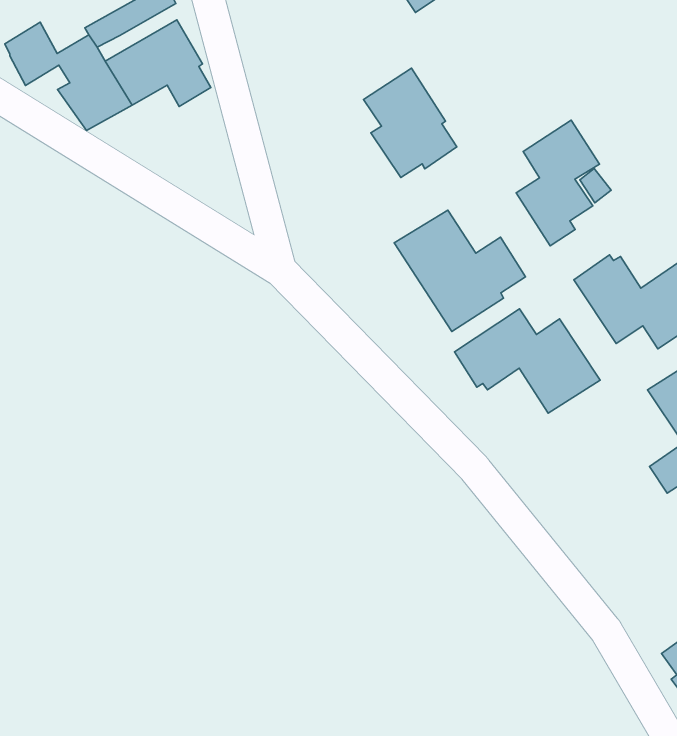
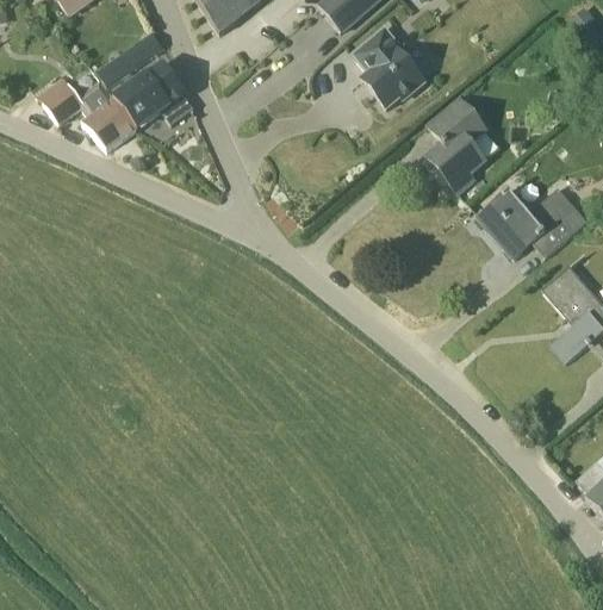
building: [364,68,457,177] -> [353,26,425,107]
building: [394,210,525,331] -> none
building: [455,309,600,413] -> none

